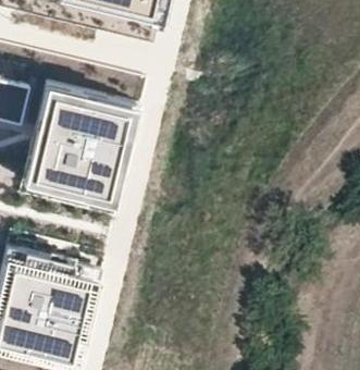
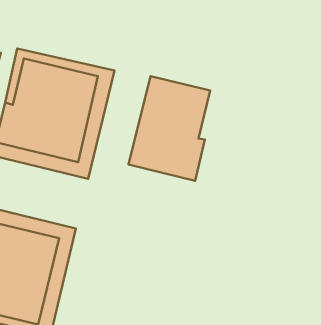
building: none -> [128,76,210,181]

